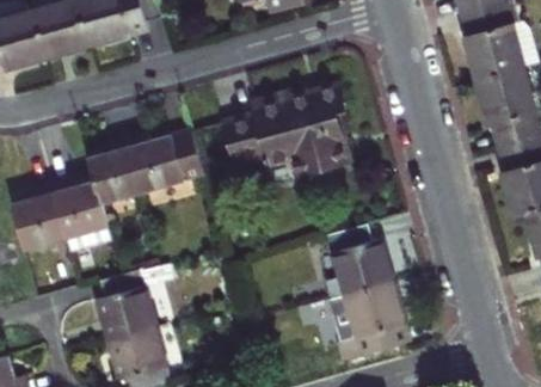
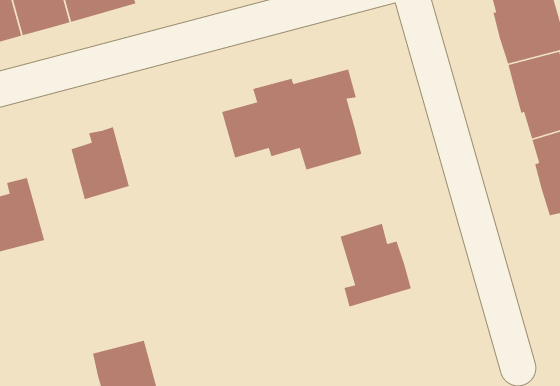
building: [128,130,204,192] -> none
building: [51,172,109,251] -> none
building: [97,270,155,340] -> none
building: [325,283,410,362] -> none

